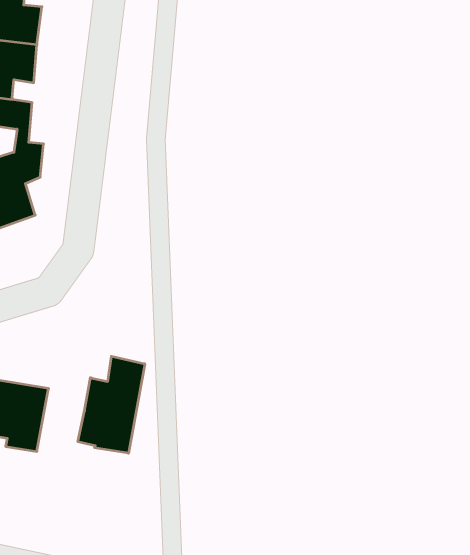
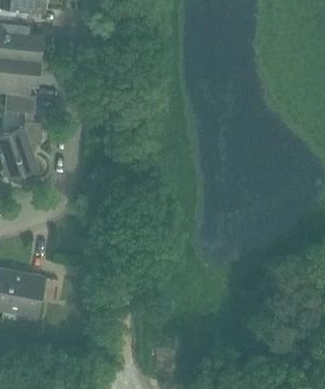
building: [78,356,145,453] -> none

